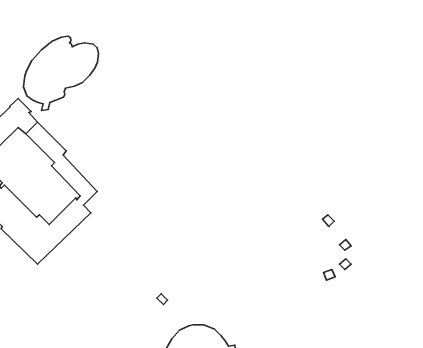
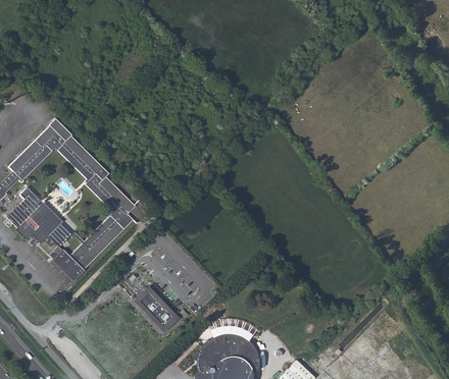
building: [24,36,99,111] -> none
building: none -> [135,289,176,329]

